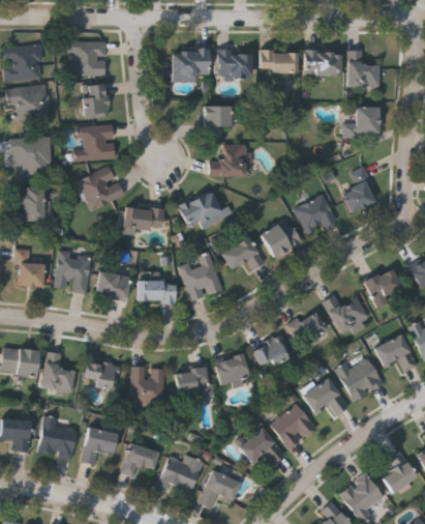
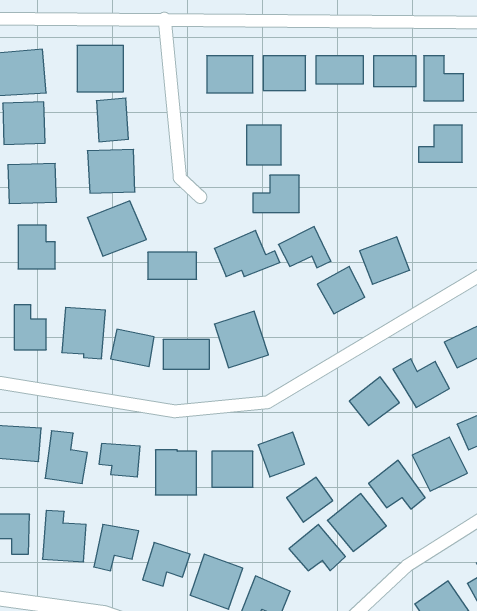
building: [343,168,377,212] -> none
building: [221,237,264,270] -> [278,227,331,268]
building: [252,334,290,371] -> [287,477,333,522]

